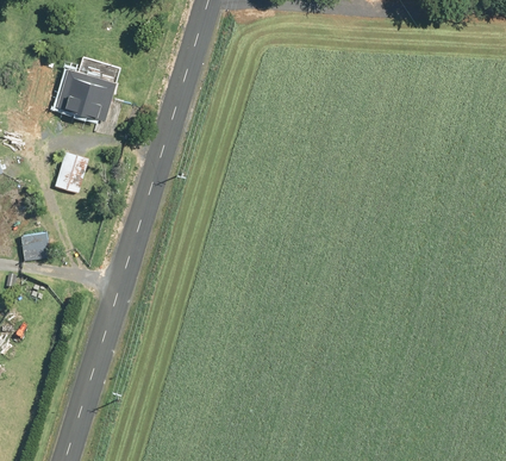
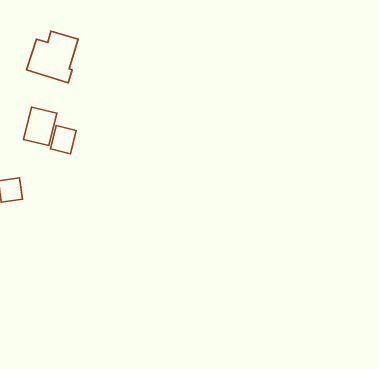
building: none -> [51,126,76,154]

